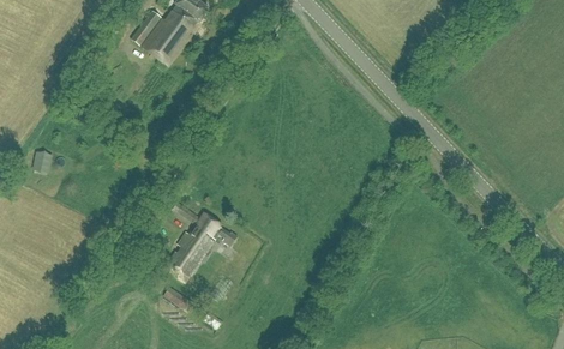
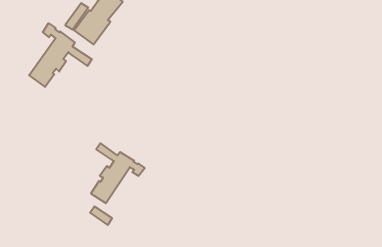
building: none -> [29,23,92,87]

